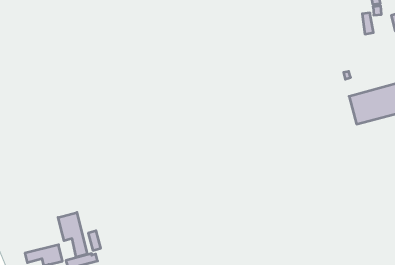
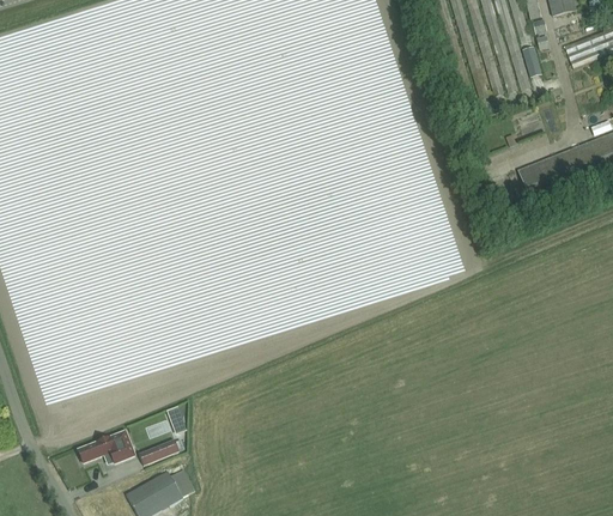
building: [58,212,87,257] -> none

